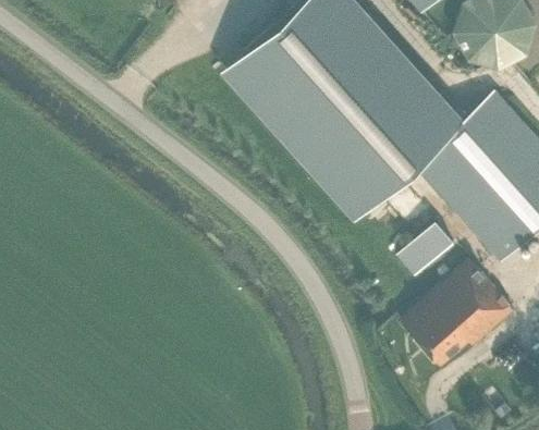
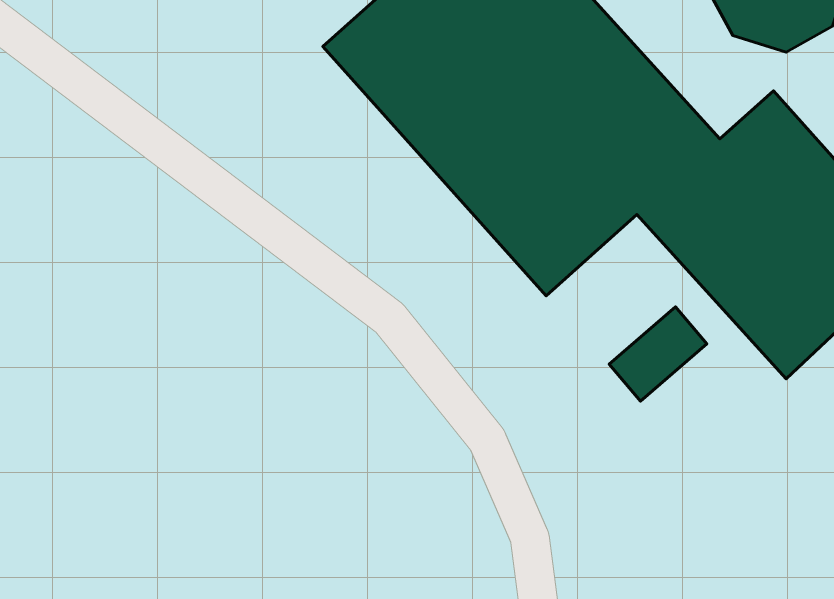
building: [402,259,514,366] -> none

